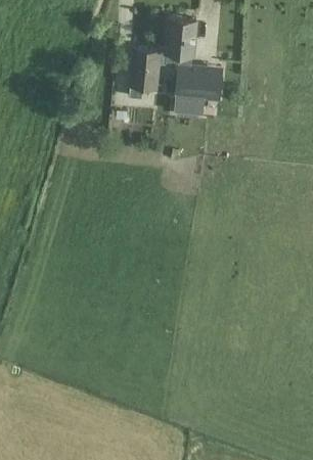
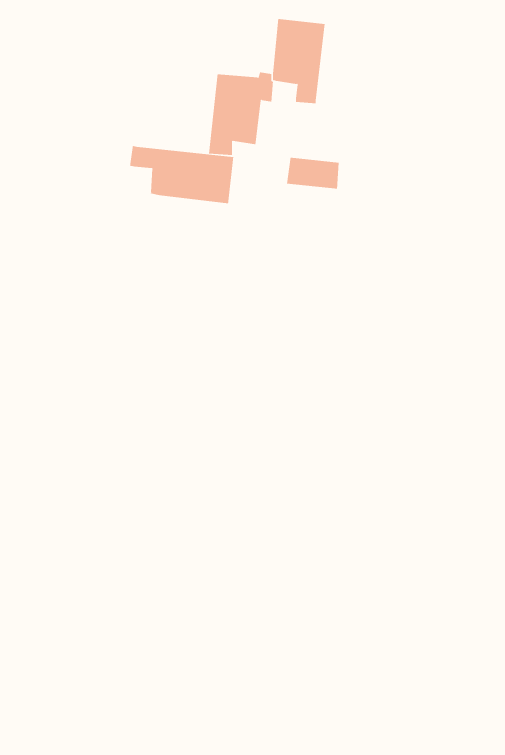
building: [174,64,209,101] -> none
building: none -> [129,145,234,204]

